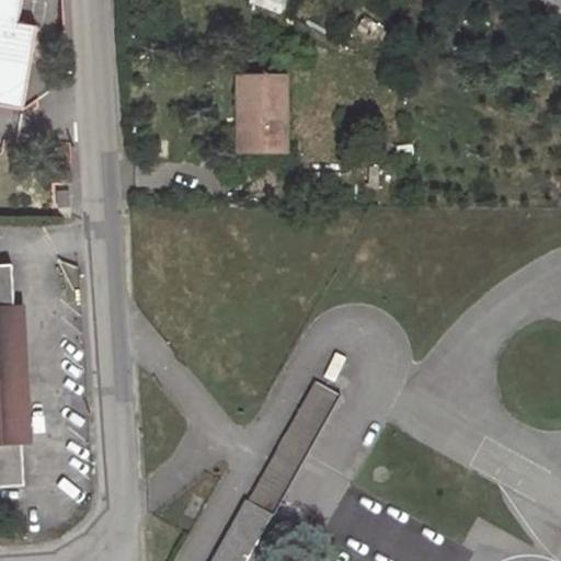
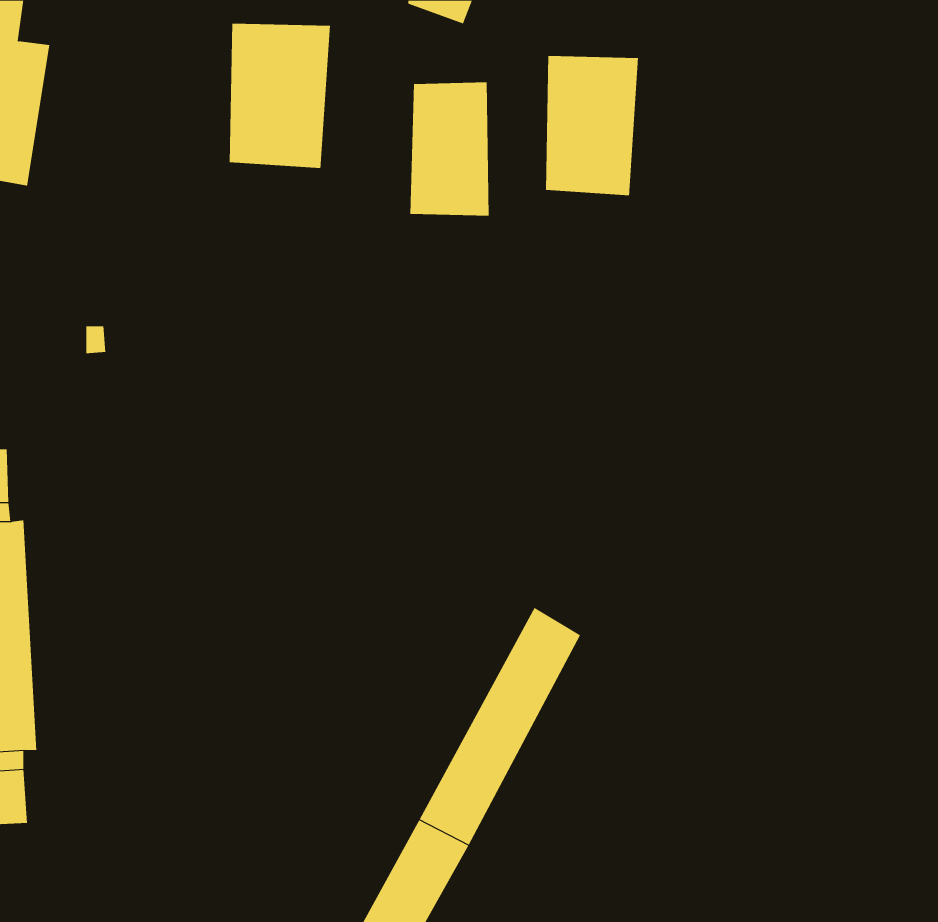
building: none -> [229,23,330,169]
building: none -> [545,55,638,196]

